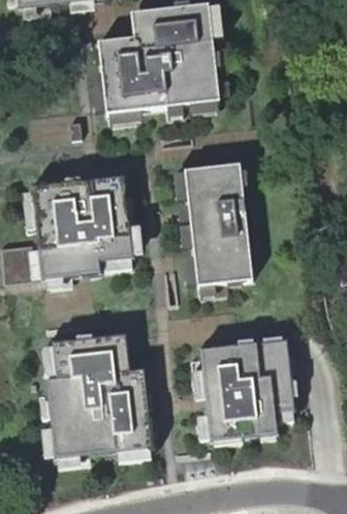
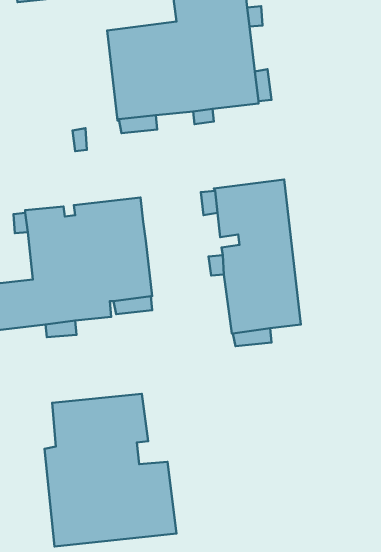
building: [199,338,294,441] -> none

